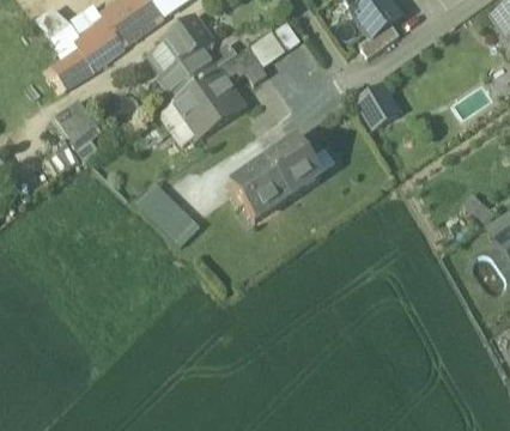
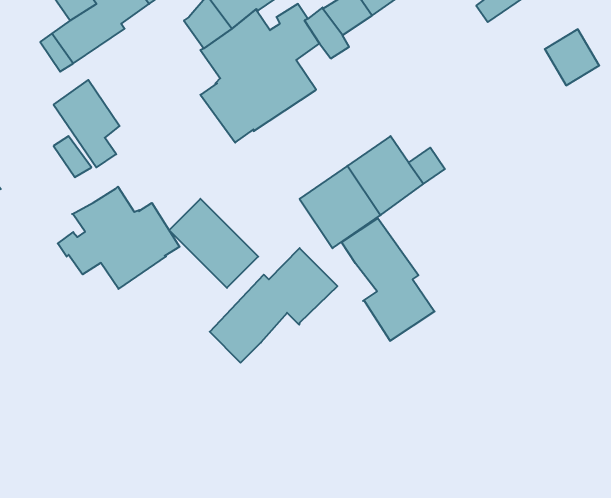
building: [359,84,399,125] -> [545,29,599,85]
building: none -> [58,187,180,289]
building: none -> [341,218,435,341]
building: none -> [210,248,337,363]

